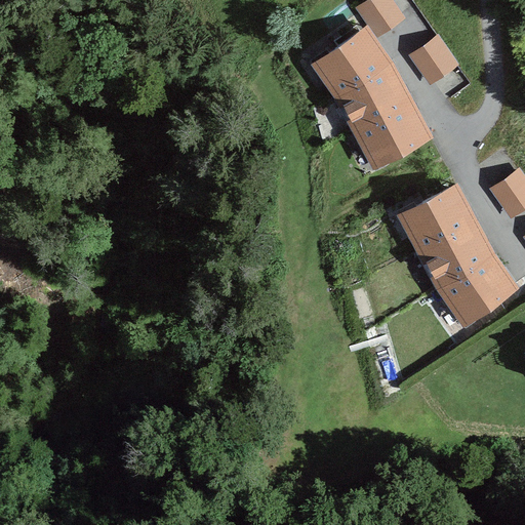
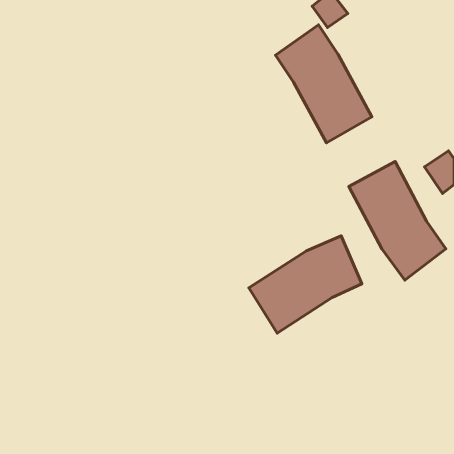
building: [410,37,457,85] -> none
building: none -> [249,236,362,333]

